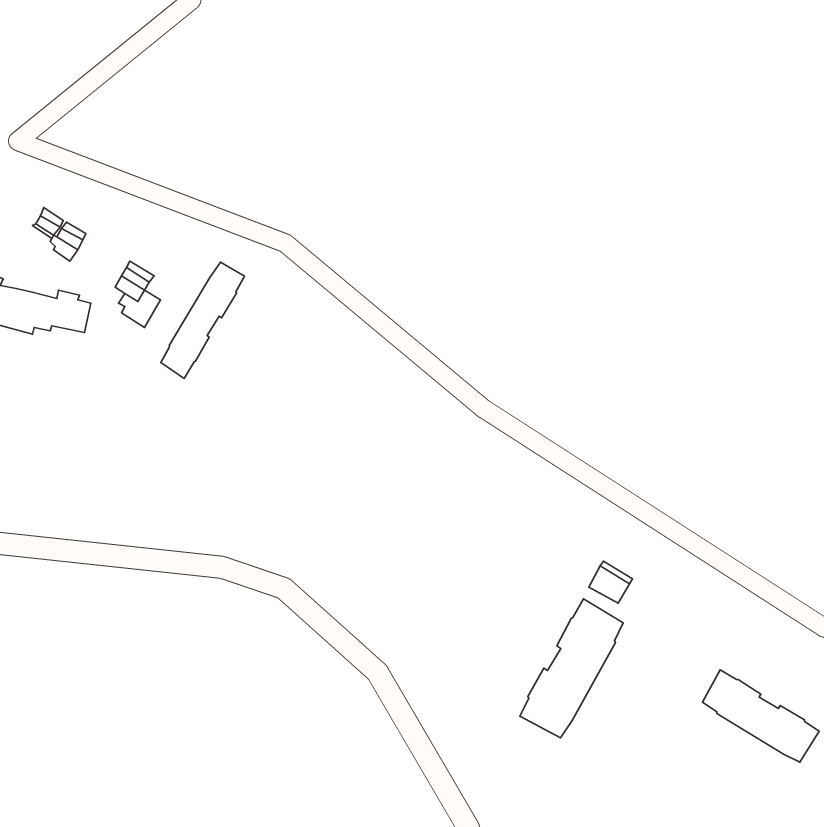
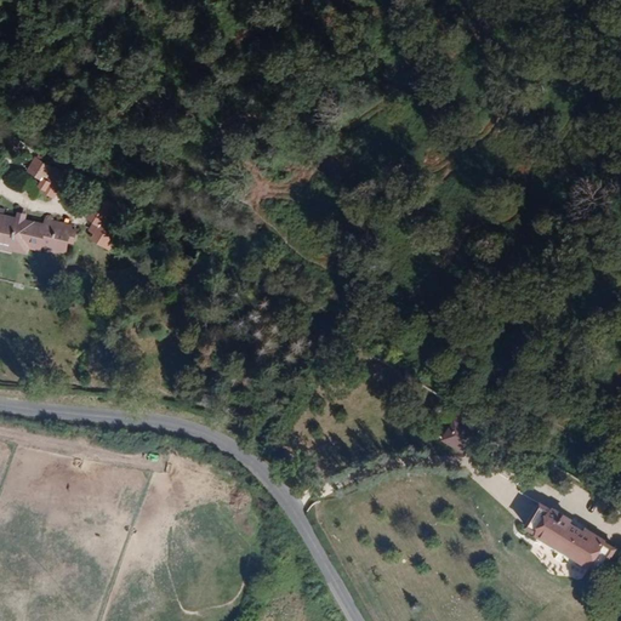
building: [161,262,245,378] -> none
building: [520,599,623,738] -> none

